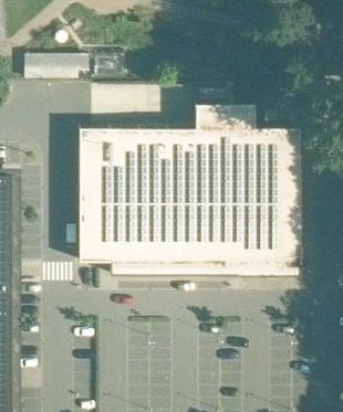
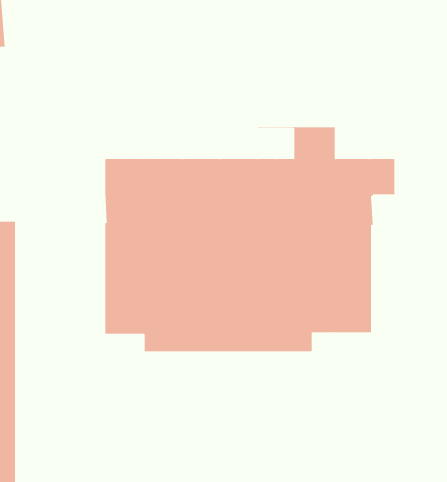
building: [30,51,84,77] -> none

